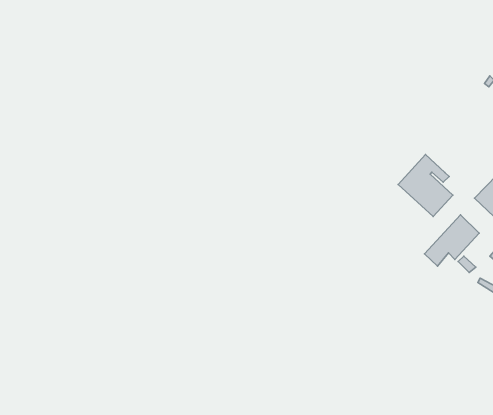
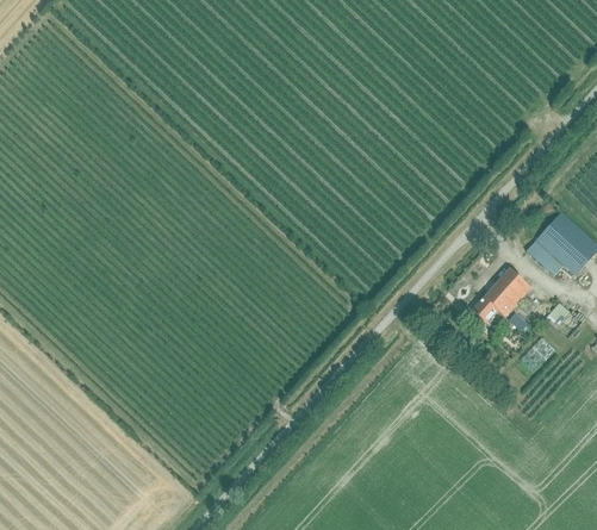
building: [398,155,453,216] -> none

